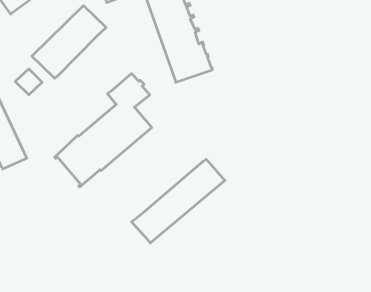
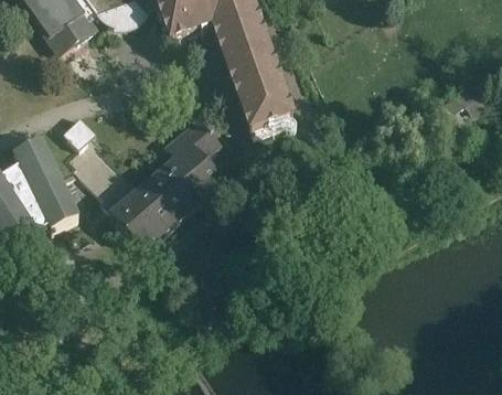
building: [32,6,106,78] -> none
building: [132,159,225,243] -> none

